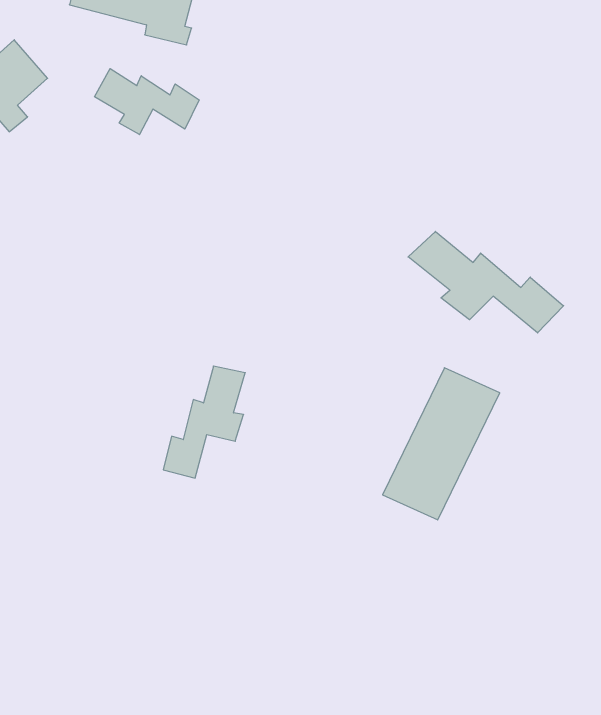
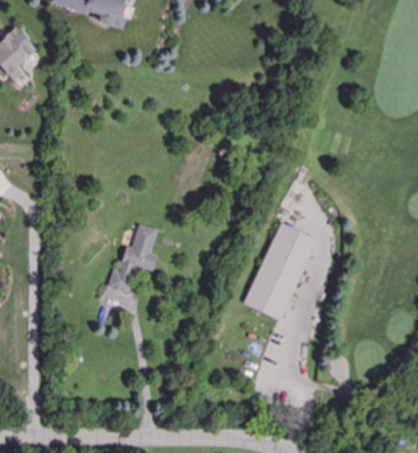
building: [95,69,199,135] -> none
building: [408,231,564,333] -> none

